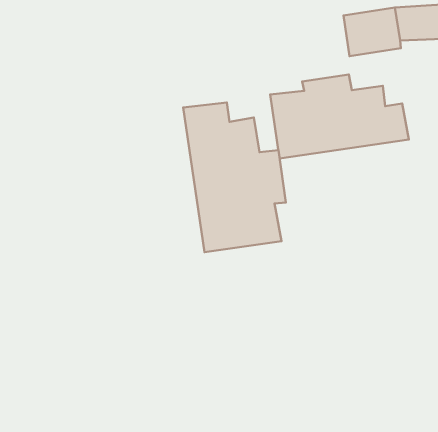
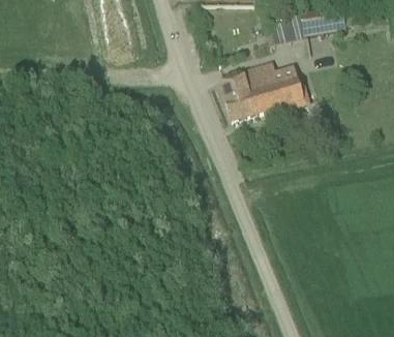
building: [183,103,286,252] -> none

